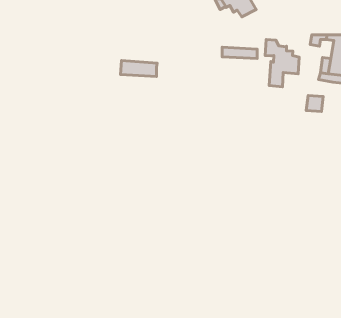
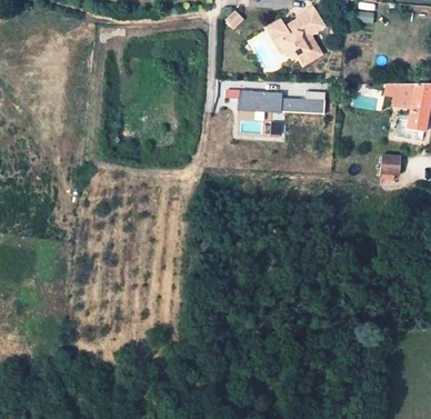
building: [265,40,299,87] -> none
building: [120,60,157,77] -> [240,90,283,109]

